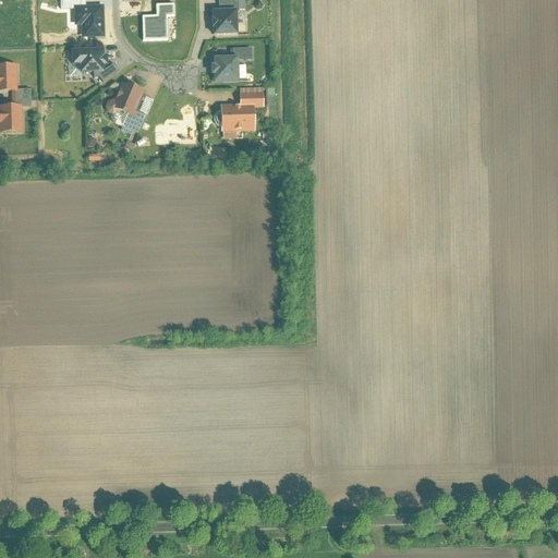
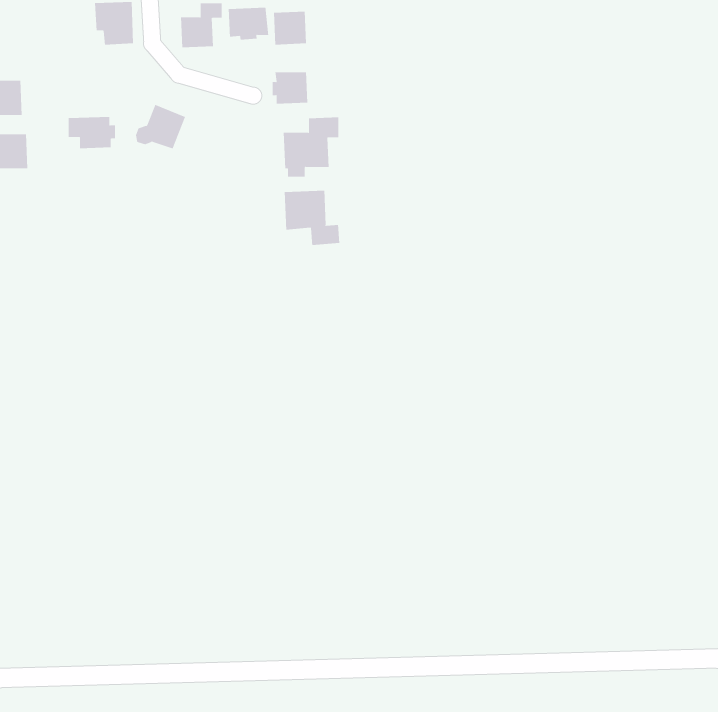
building: none -> [228,7,269,40]
building: [71,48,108,73] -> [68,116,116,149]
building: none -> [284,190,340,246]

